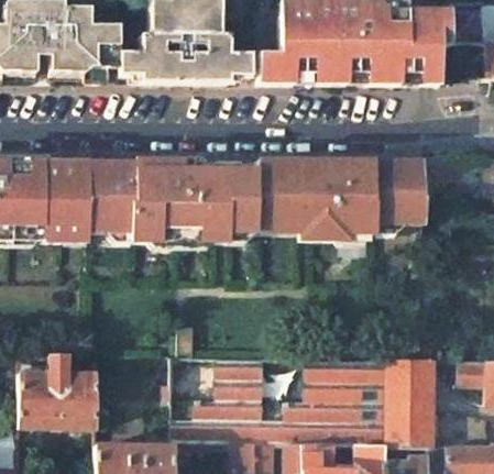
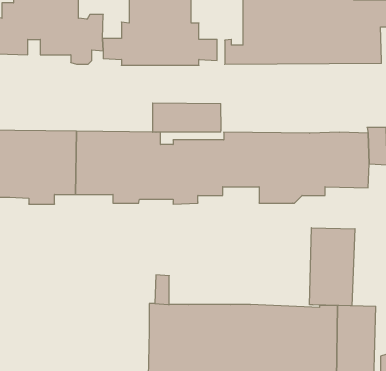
building: none -> [153,103,221,132]
building: none -> [310,228,355,306]
building: [21,354,96,428] -> none

